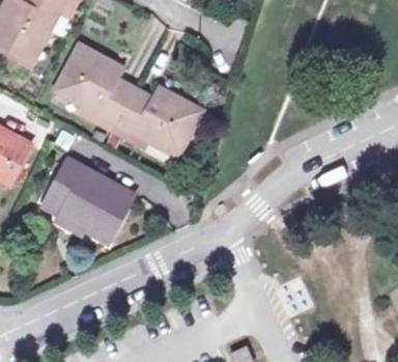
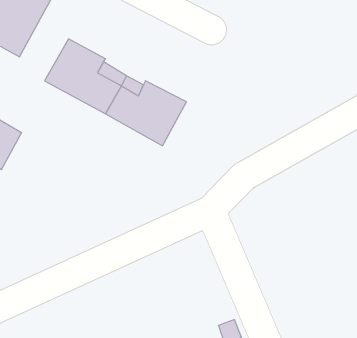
building: [49,164,124,242] -> none

